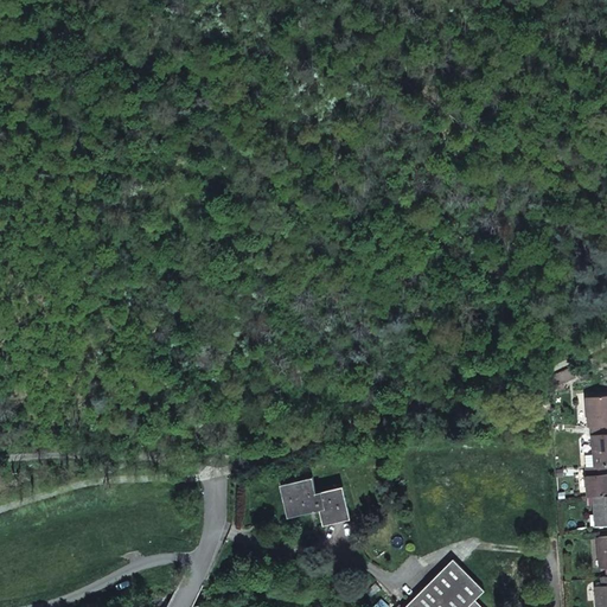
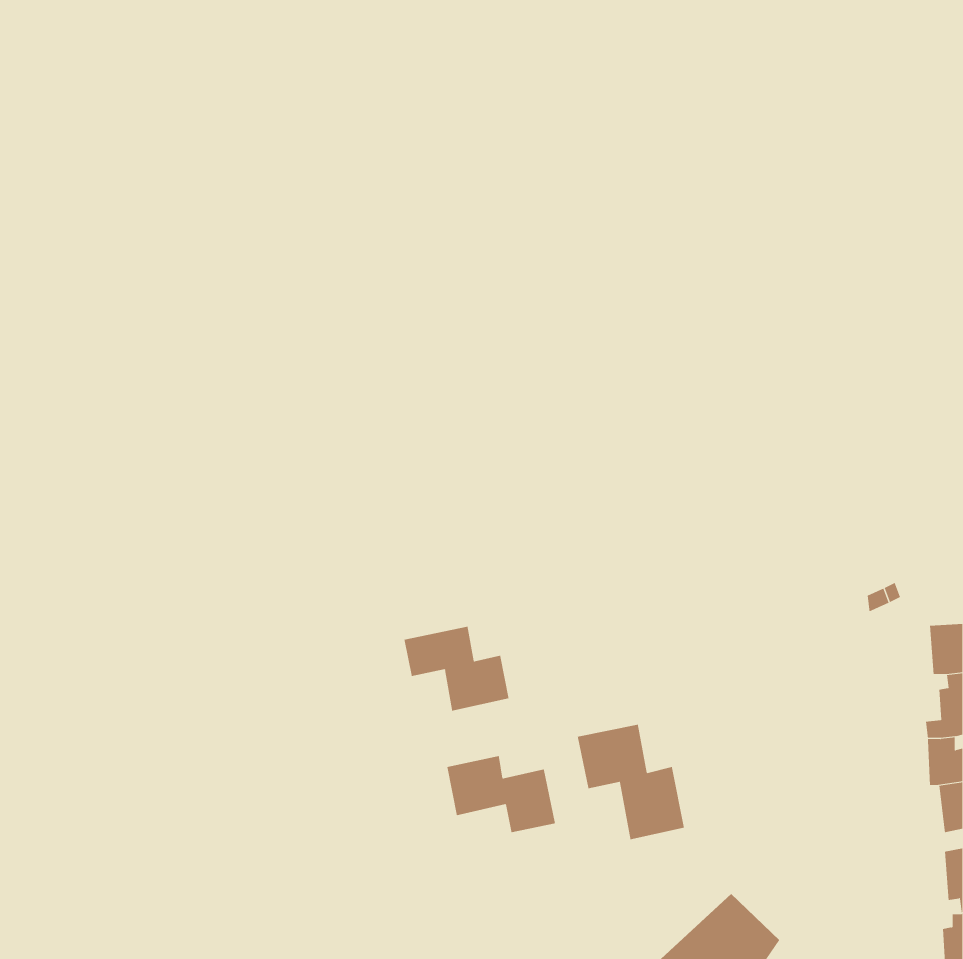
building: none -> [404,626,509,711]
building: none -> [577,724,684,840]

